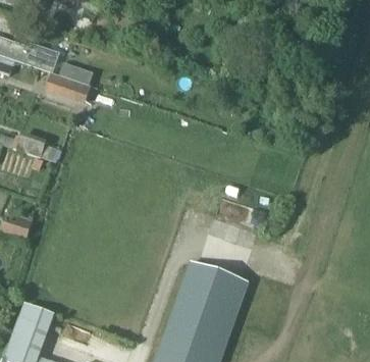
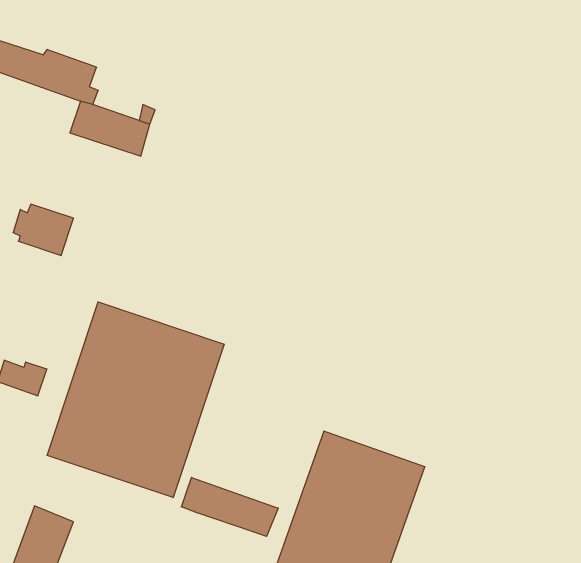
building: none -> [47,302,224,498]
building: none -> [181,477,278,536]

